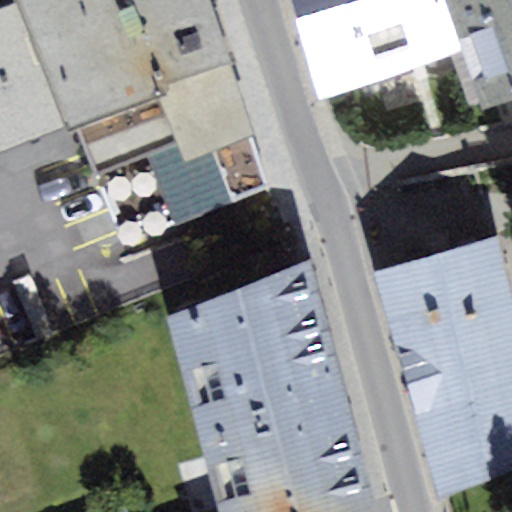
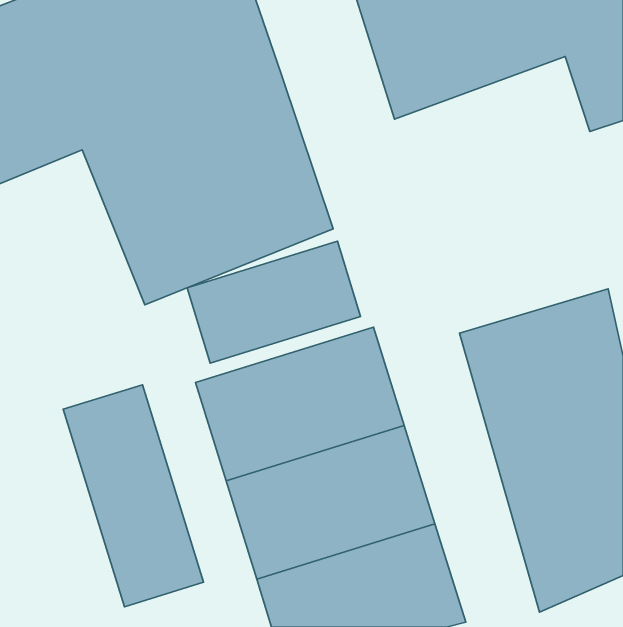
building: none -> [187,241,361,363]
building: none -> [63,385,204,607]

